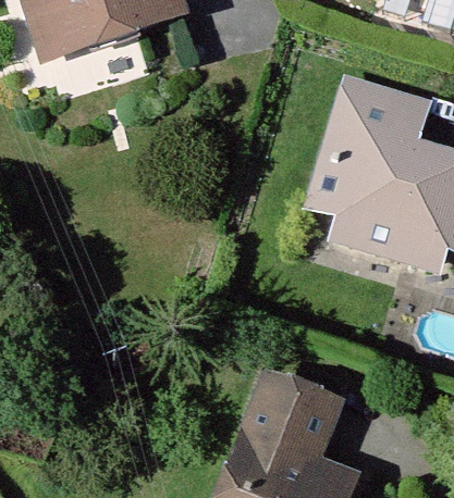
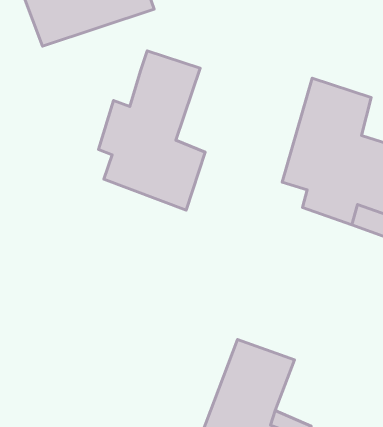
building: none -> [99,51,205,210]

